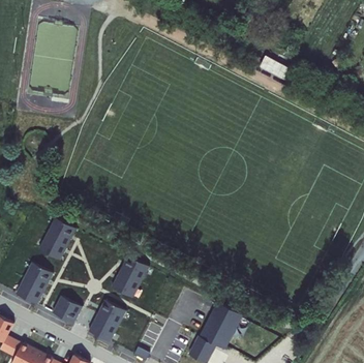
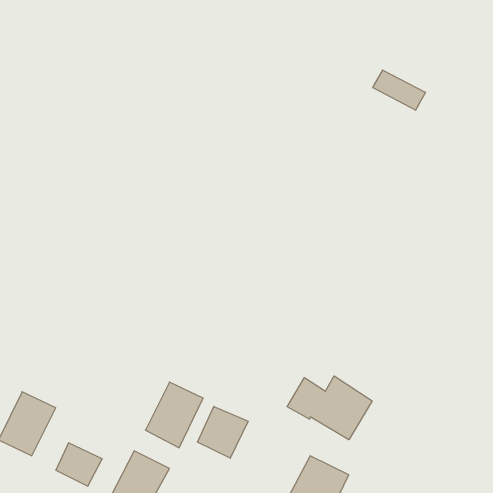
building: [39,217,77,258] -> none
building: none -> [287,376,372,440]
building: none -> [198,406,248,458]

